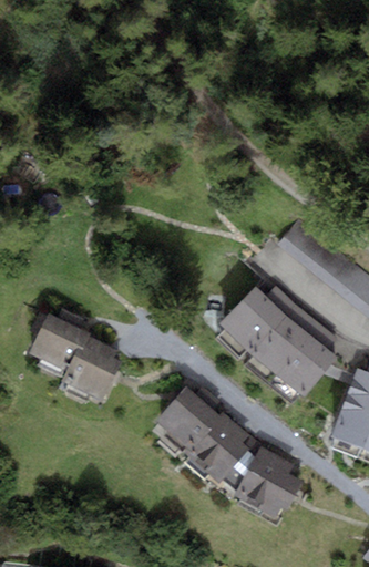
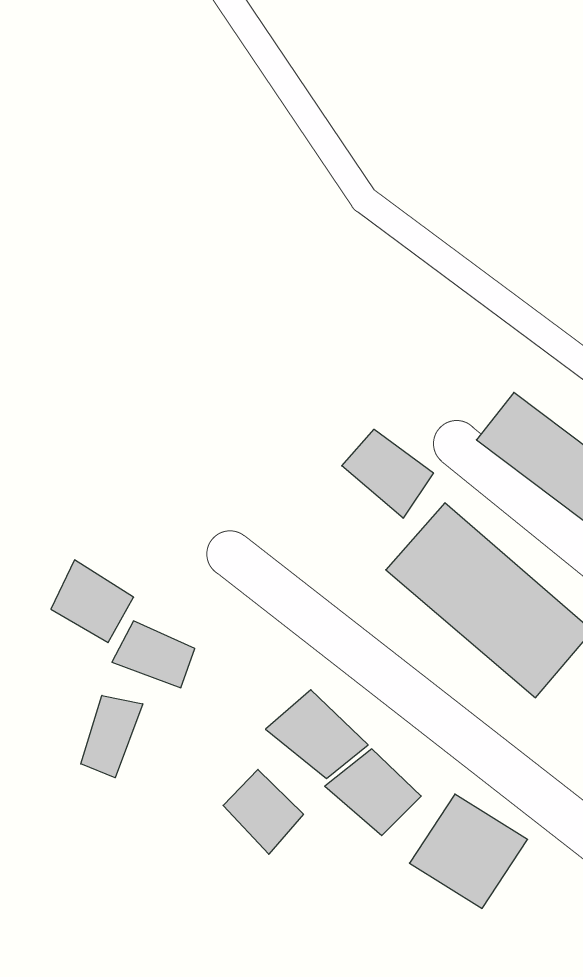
building: none -> [342,429,433,518]
building: none -> [81,695,143,778]
building: none -> [223,769,303,854]

